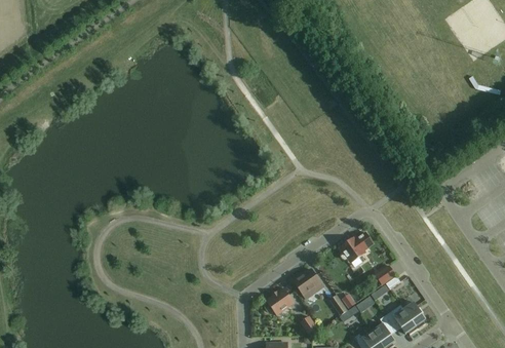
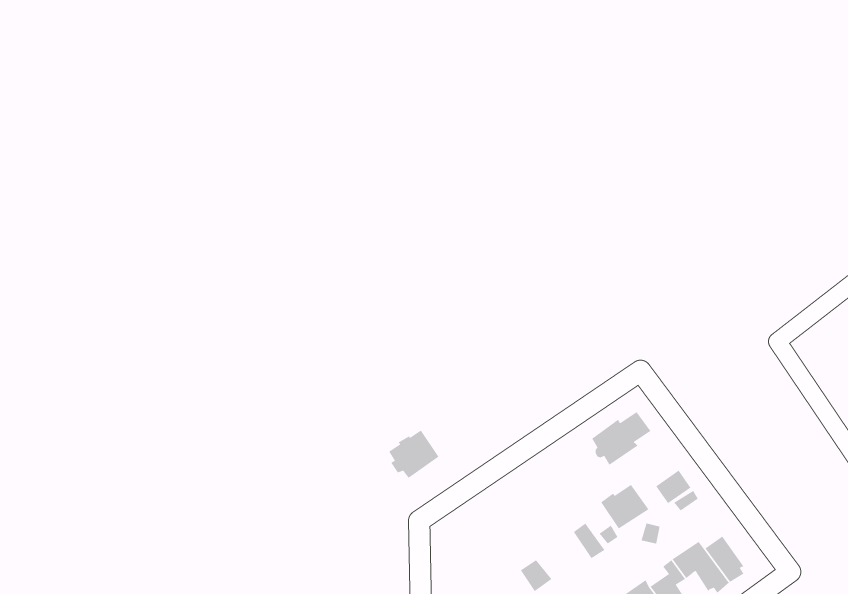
building: [294,269,321,295] -> [600,484,650,530]
building: [266,287,295,315] -> [388,430,439,479]

